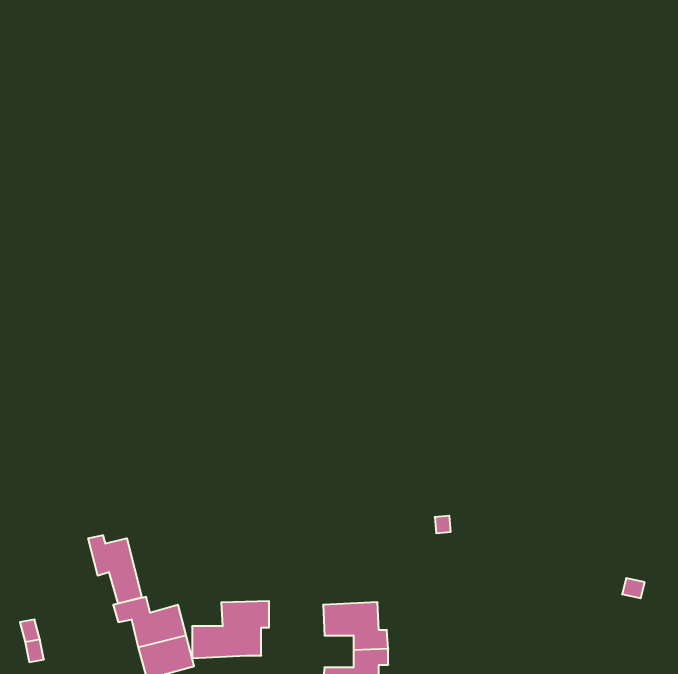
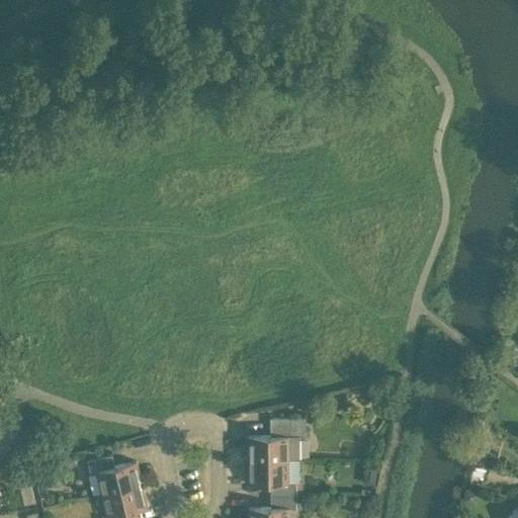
building: [88,535,142,604] -> none
building: [192,601,269,658] -> [246,421,305,464]

